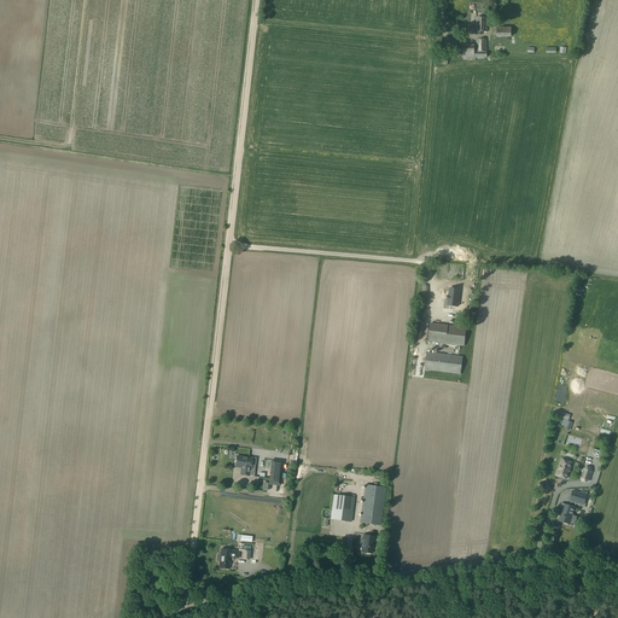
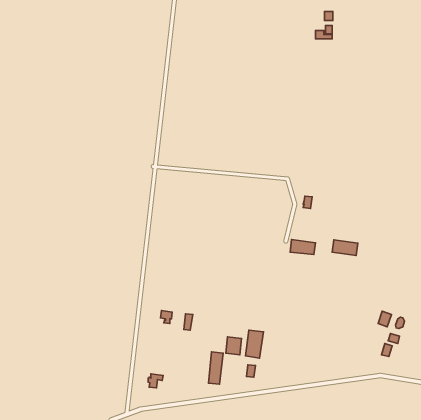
building: [428,322,466,345] -> [332,240,358,255]
building: none -> [208,352,223,384]

